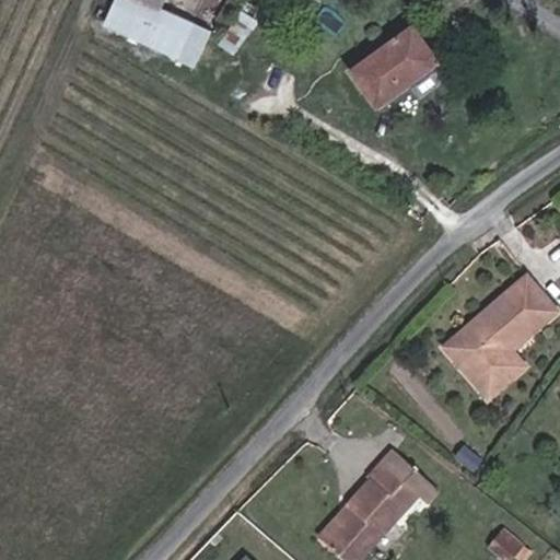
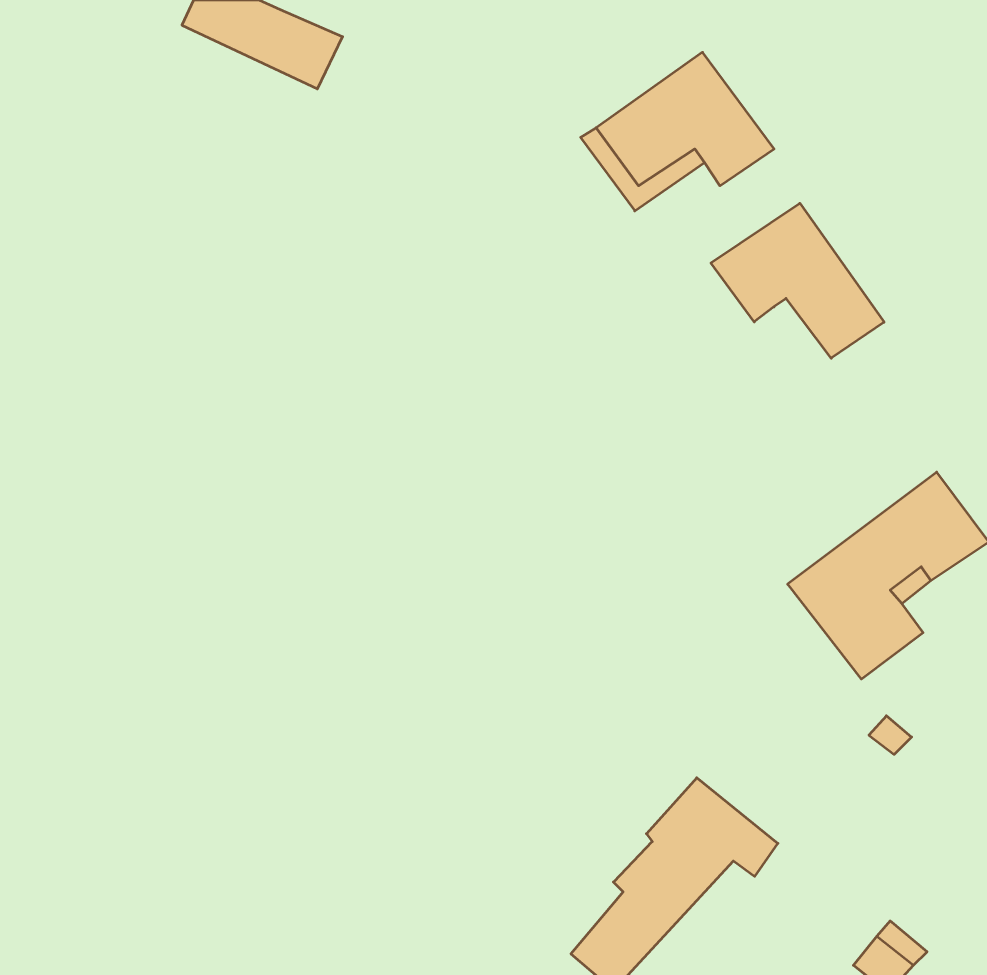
building: none -> [711,203,884,358]

